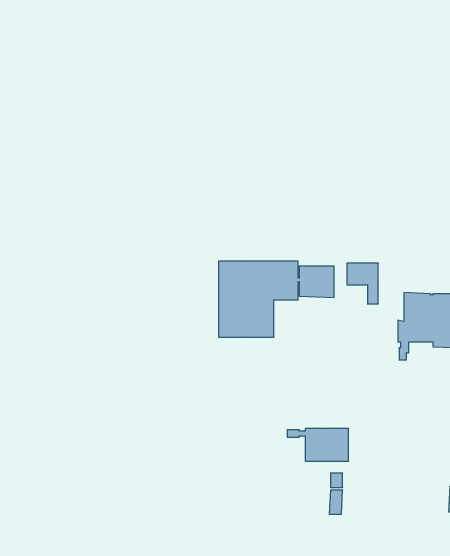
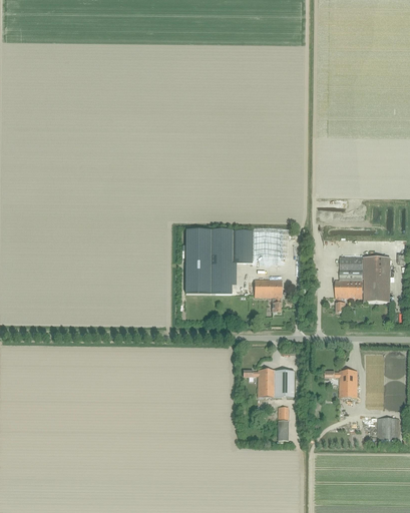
building: [347,263,378,304] -> [255,279,281,313]
building: none -> [325,370,357,397]

